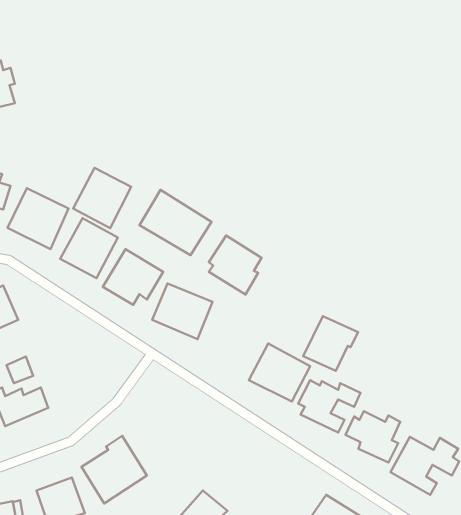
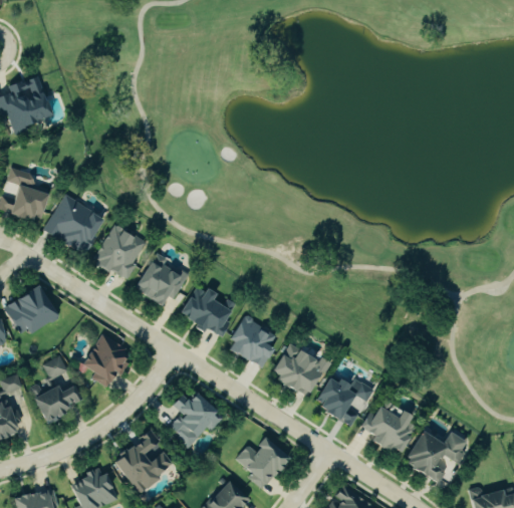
building: [73,168,131,228] -> none
building: [140,190,211,255] -> none
building: [209,235,262,294] -> [229,315,278,370]
building: [303,316,358,371] -> none
building: none -> [83,335,135,388]
building: none -> [170,391,225,449]
building: none -> [237,438,290,489]

